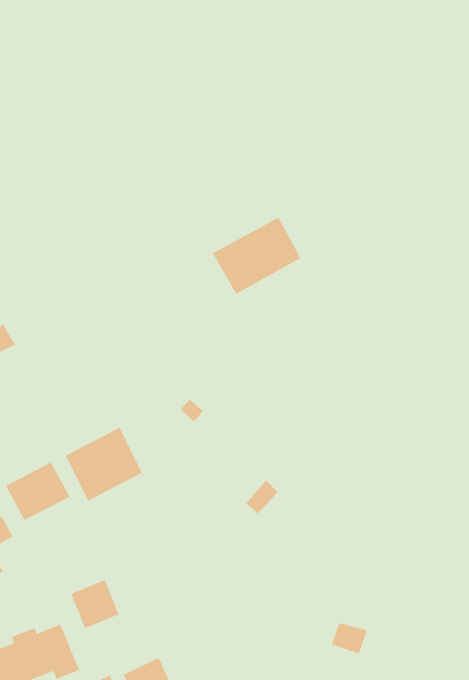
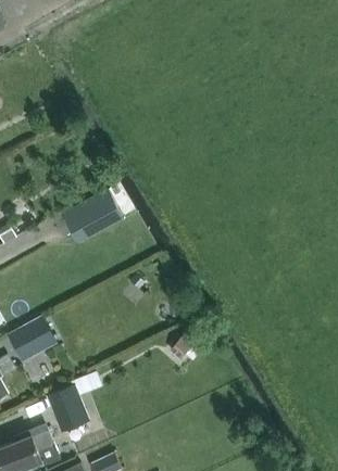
building: [212,217,301,295] -> [62,190,123,243]
building: [65,427,143,501] -> none

